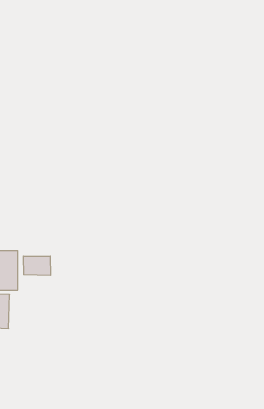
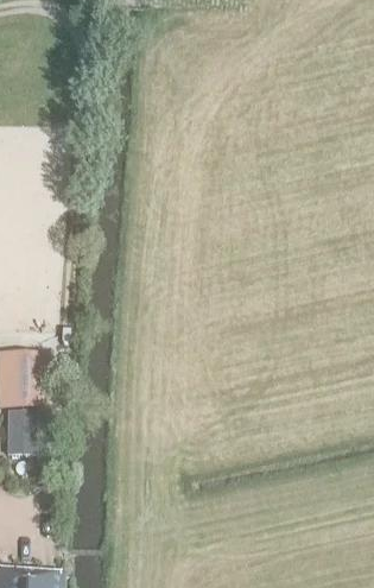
building: [23,256,50,275] -> none

